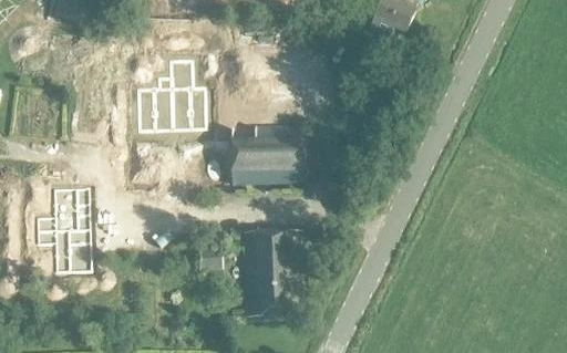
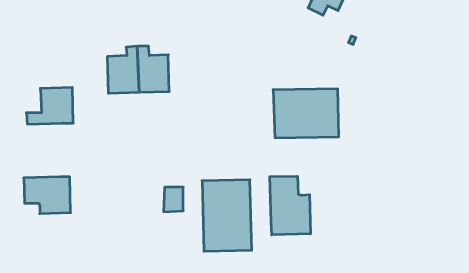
building: [230,128,308,186] -> [273,89,339,138]
building: [34,189,90,232] -> [26,87,73,124]
building: none -> [270,176,310,235]

